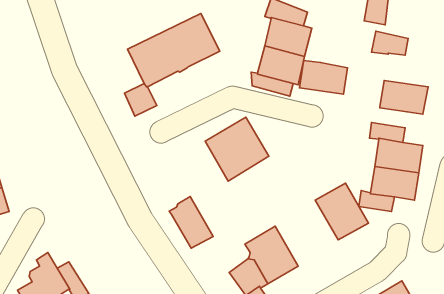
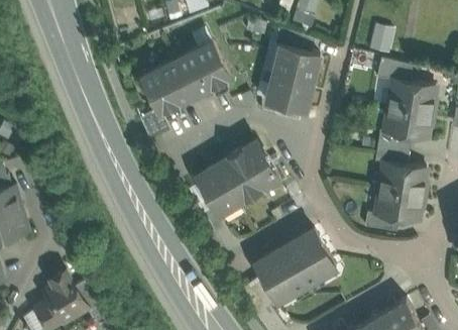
building: [299,61,348,94] -> [389,81,436,113]
building: none -> [377,131,412,152]
building: [315,183,369,240] -> [284,231,336,286]
building: [169,197,213,248] -> [197,166,239,215]

